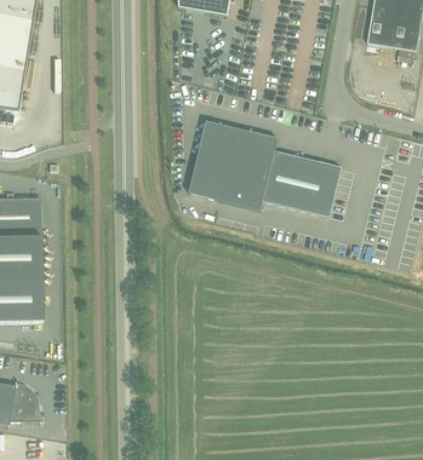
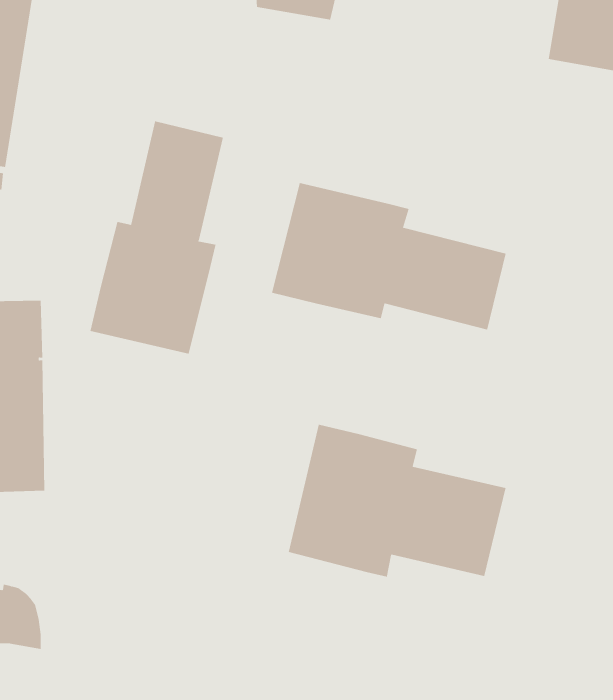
building: none -> [90,121,223,354]
building: none -> [288,424,506,578]

